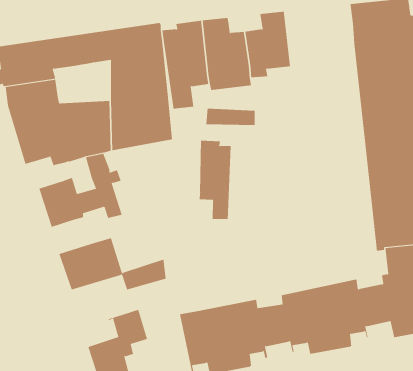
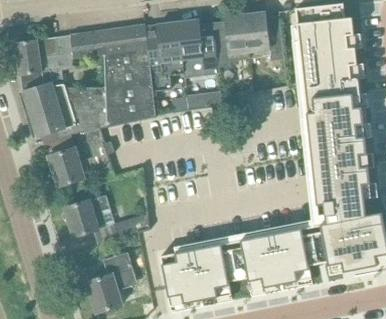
building: none -> [244,12,285,62]
building: [199,140,231,220] -> none

